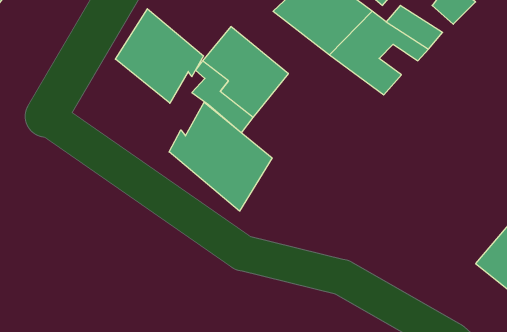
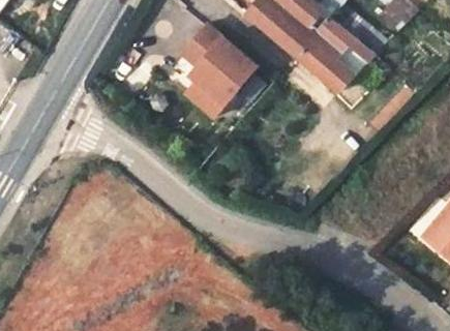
building: [115,9,204,103] -> none
building: [169,102,272,211] -> none

